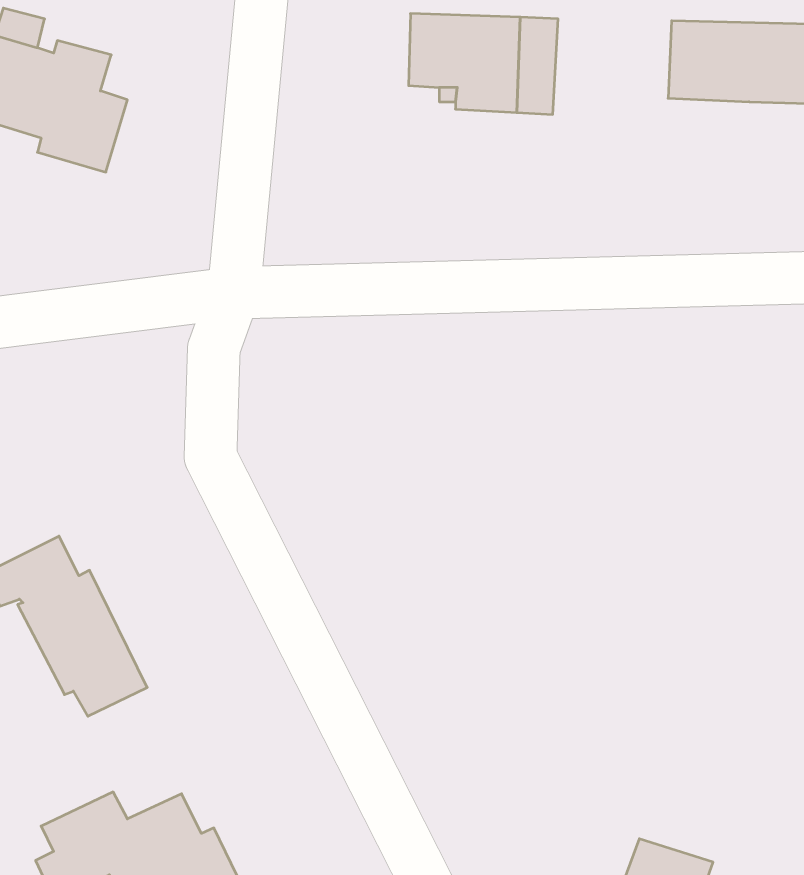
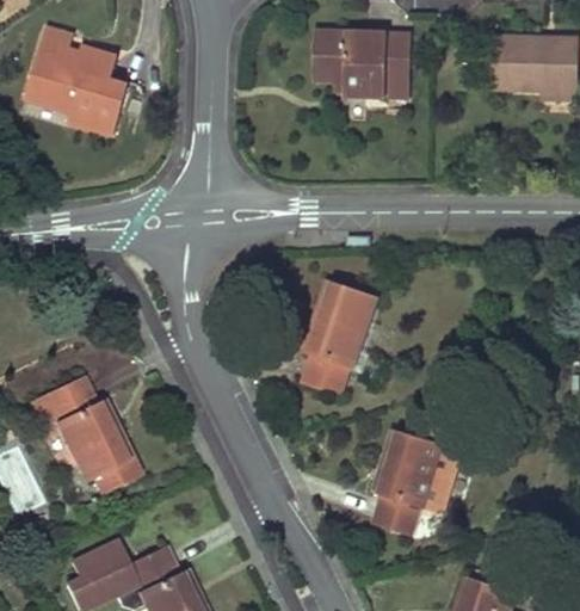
building: none -> [302,279,377,395]
building: none -> [372,430,442,535]

